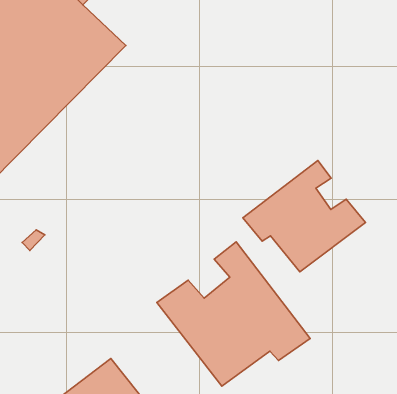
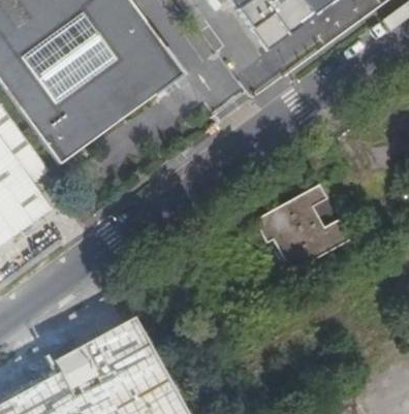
building: [157,242,310,386] -> none

